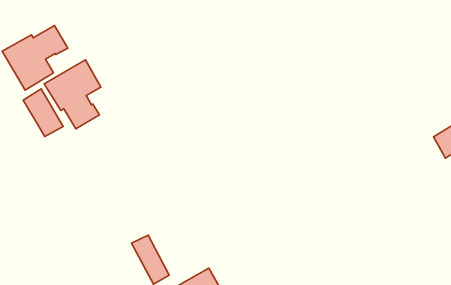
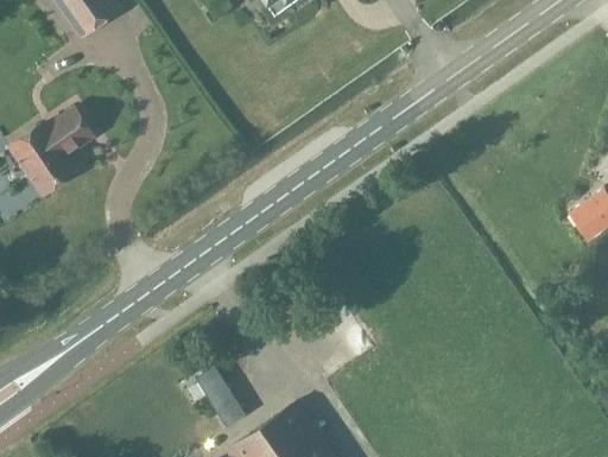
building: [44,60,101,129] -> none
building: [23,89,63,137] -> none

